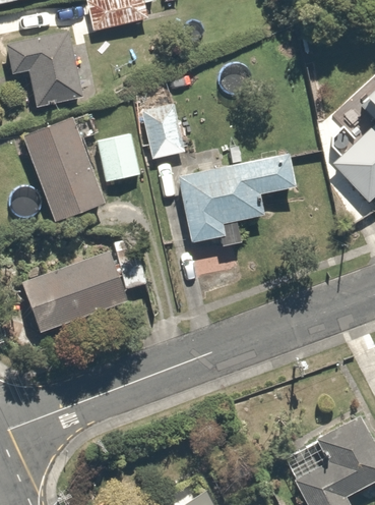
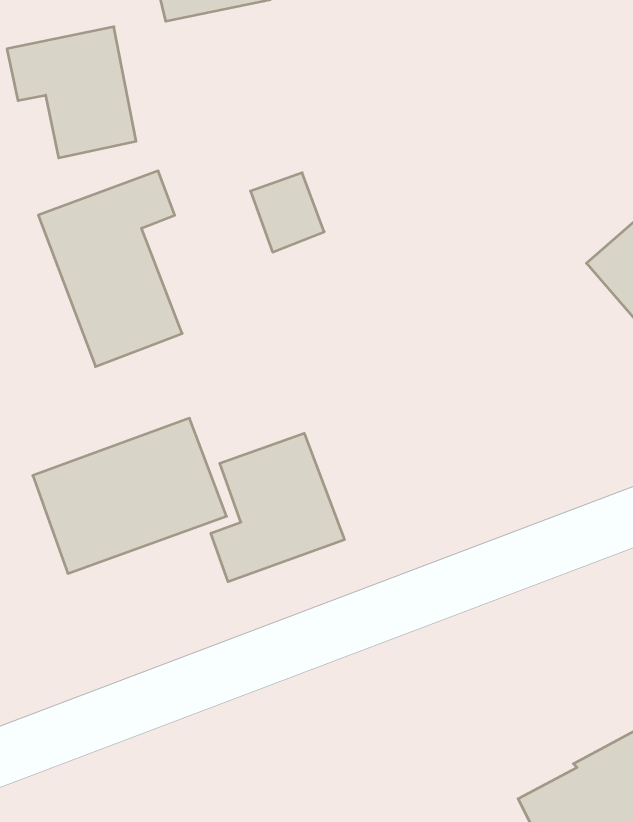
building: [99,134,142,181] -> none
building: [176,150,299,244] -> none
building: none -> [211,433,344,582]

